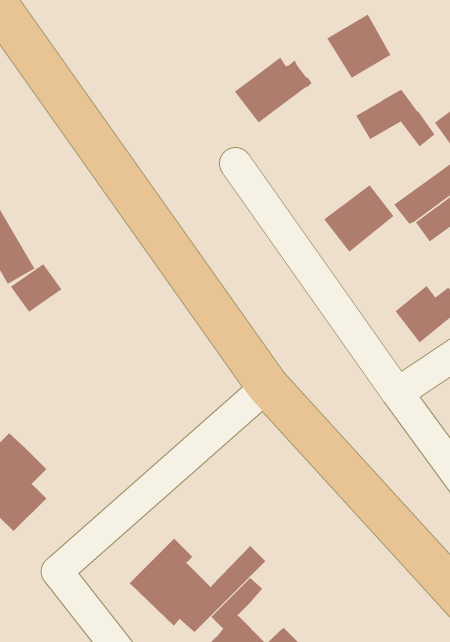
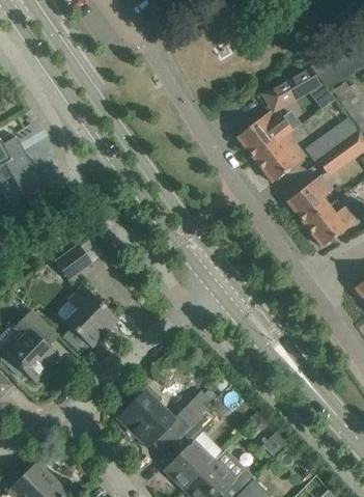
building: [326,14,391,79] -> none
building: [234,56,313,124] -> [236,111,292,159]
building: none -> [286,175,331,224]
building: [10,263,63,313] -> [55,244,92,279]
building: none -> [58,285,117,353]

